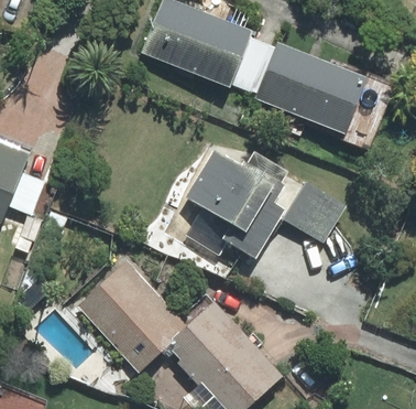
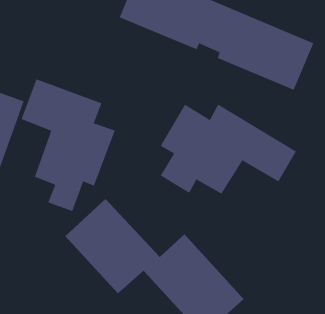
building: none -> [21,78,115,212]

